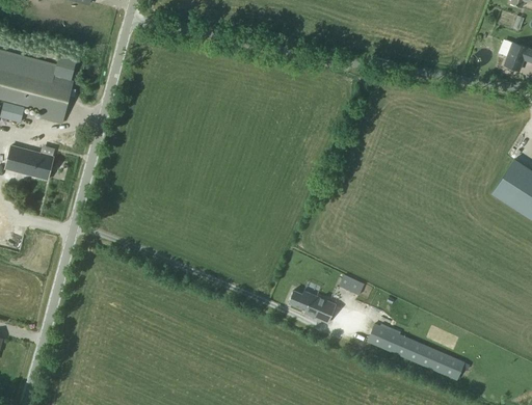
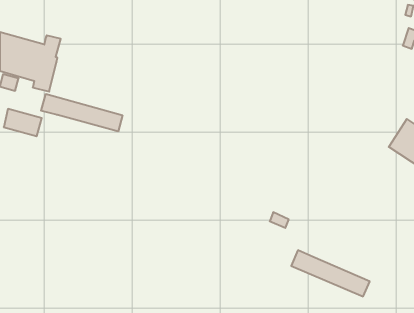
building: none -> [41,94,122,131]
building: [288,290,337,324] -> none

